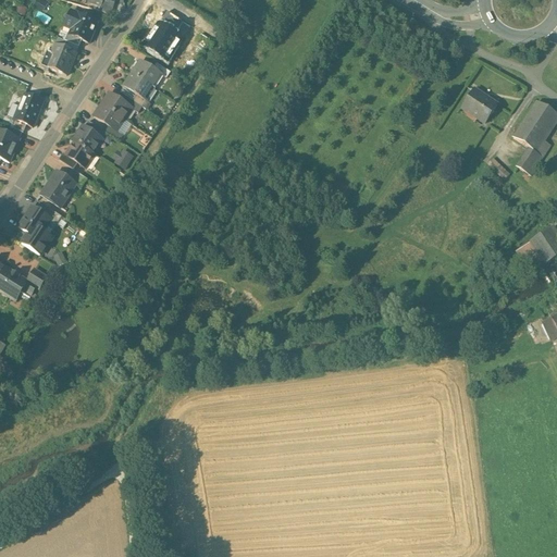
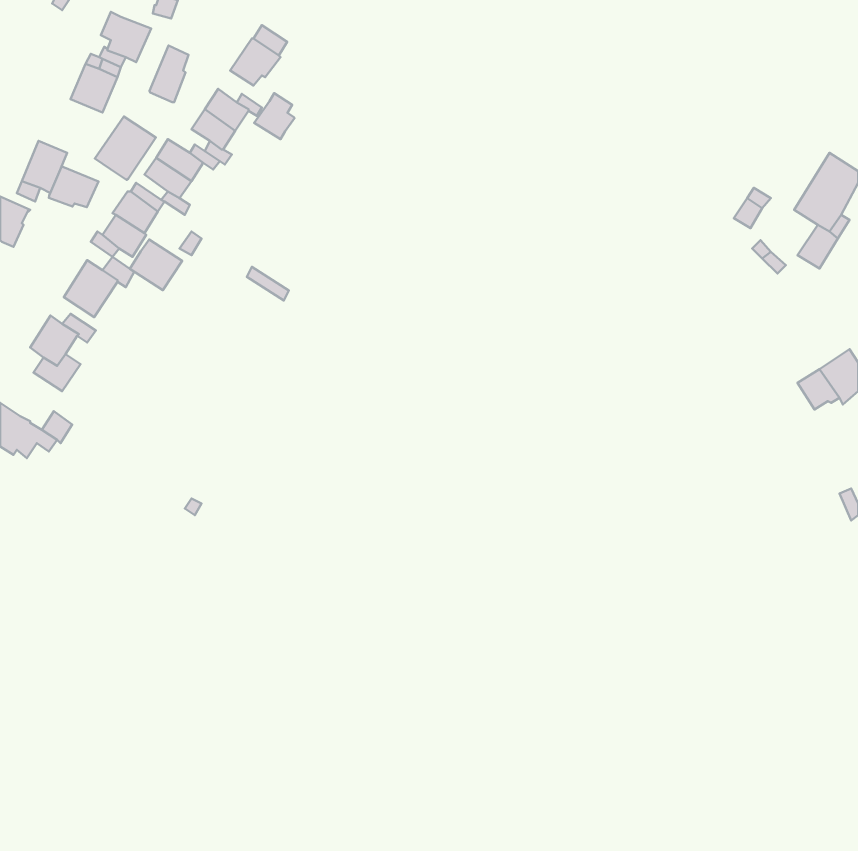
building: none -> [150,46,189,102]
building: none -> [254,93,295,139]
building: none -> [95,116,156,180]
building: [460,86,496,121] -> none
building: none -> [49,167,98,207]
building: none -> [130,239,182,290]

